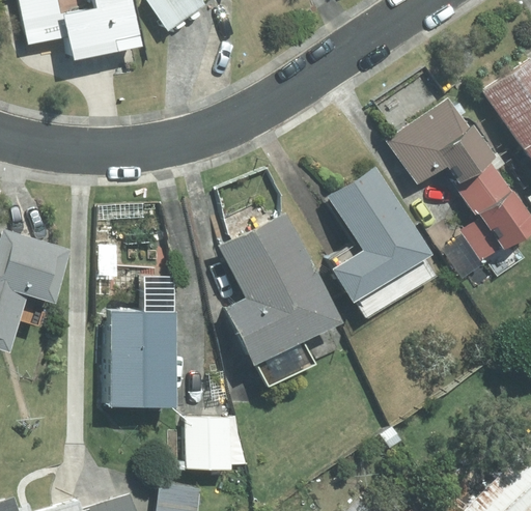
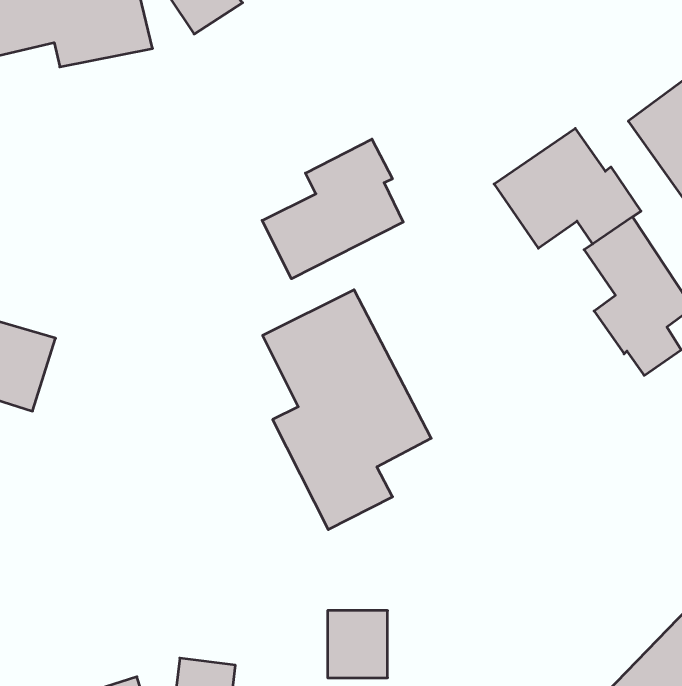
building: none -> [262,139,403,279]
building: [328,167,432,315] -> none
building: [111,276,175,405] -> none
building: [186,419,229,467] -> [328,611,388,678]

